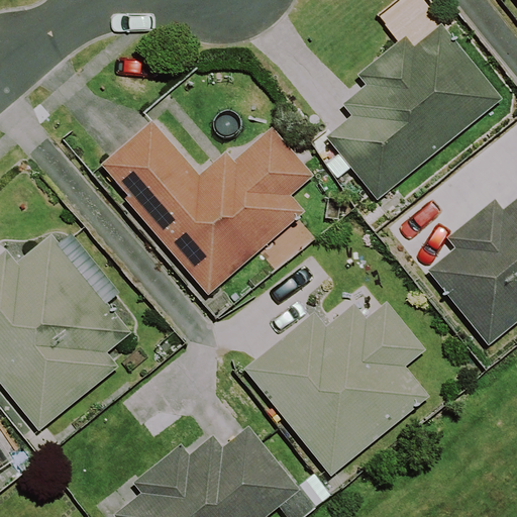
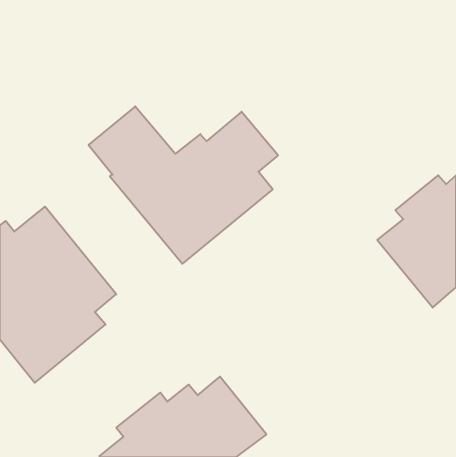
building: [324,22,503,200] -> none
building: [243,301,430,477] -> none

